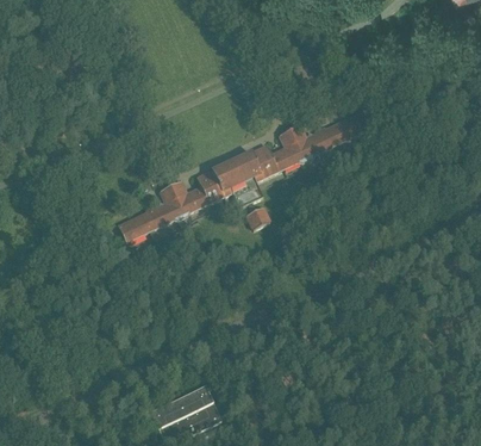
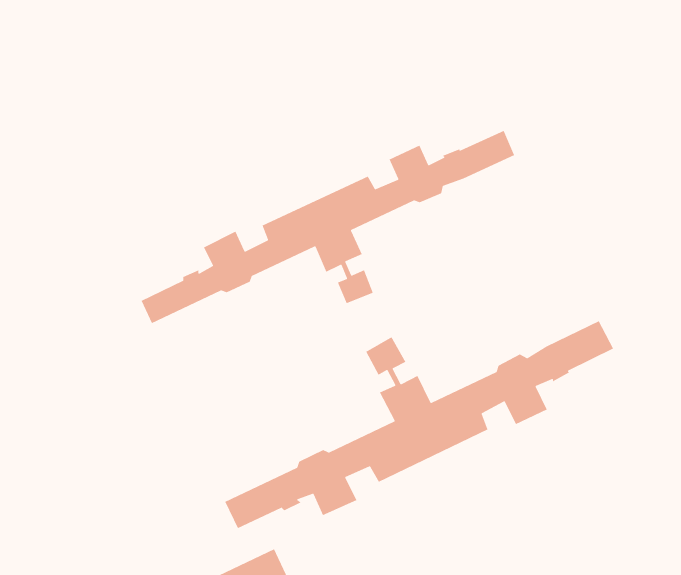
building: none -> [224,320,614,529]

